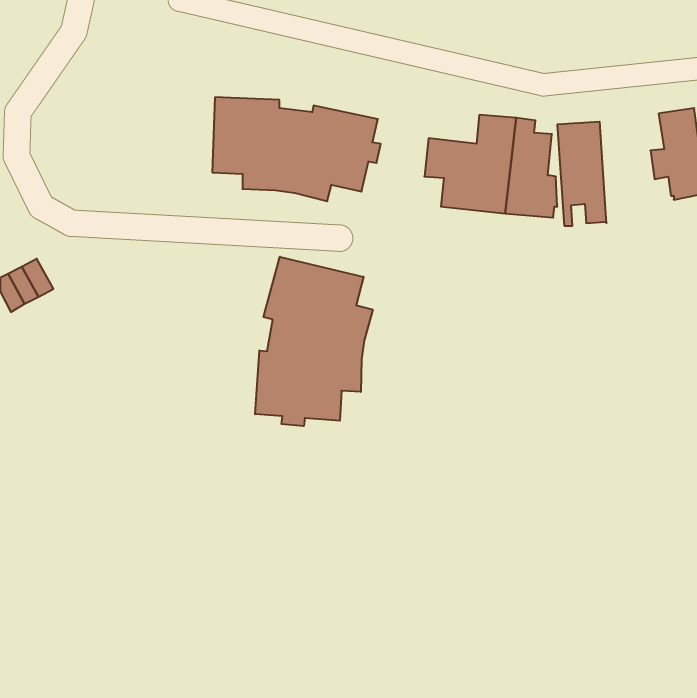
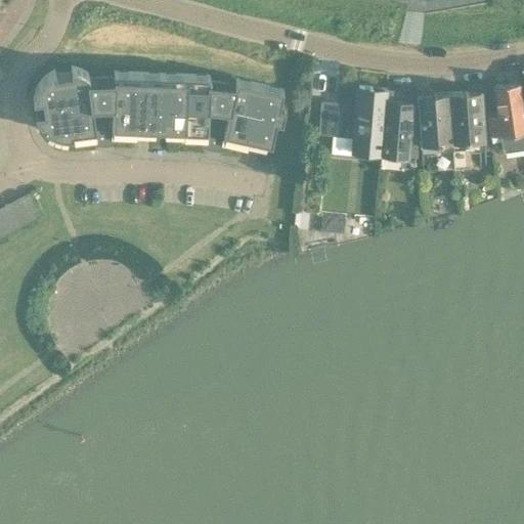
building: none -> [34,68,163,141]
building: none -> [450,90,488,168]
building: [255,257,373,426] -> none

